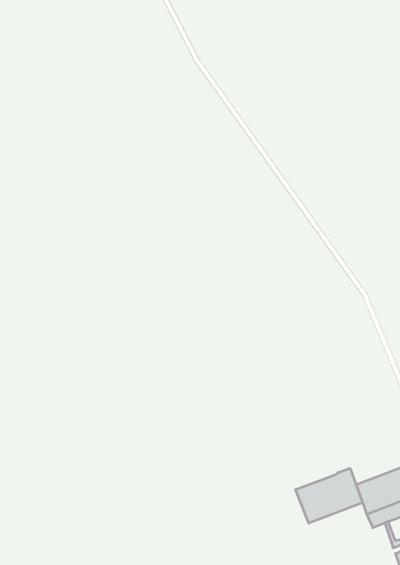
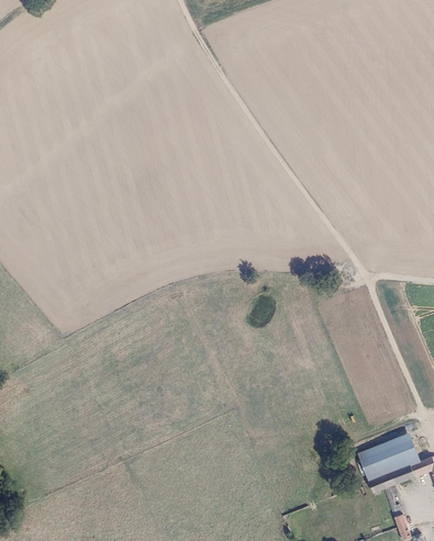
building: [295,468,362,523] -> none

